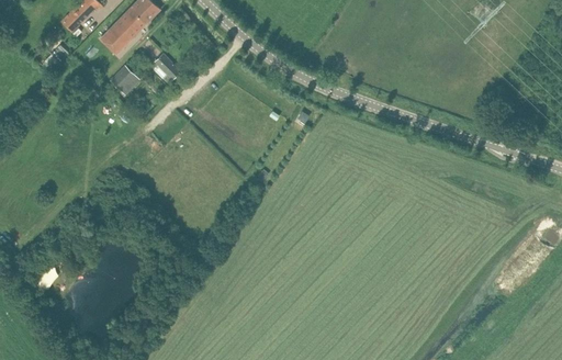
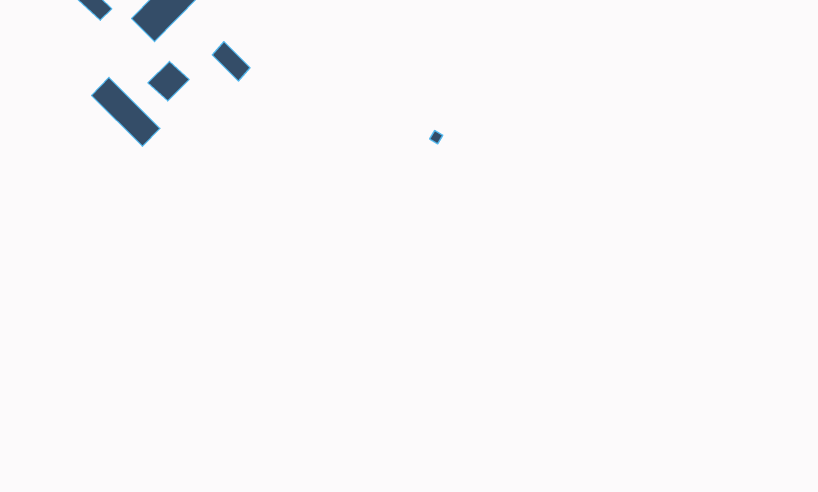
building: none -> [92,77,160,146]

